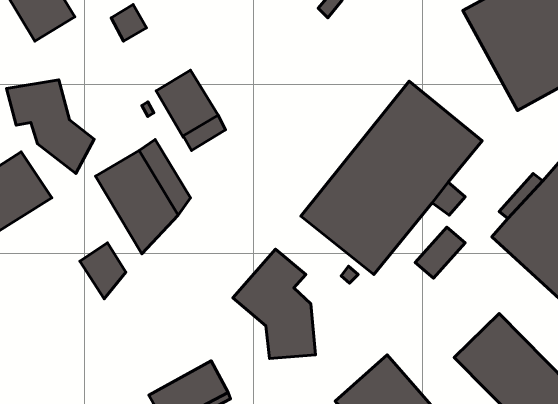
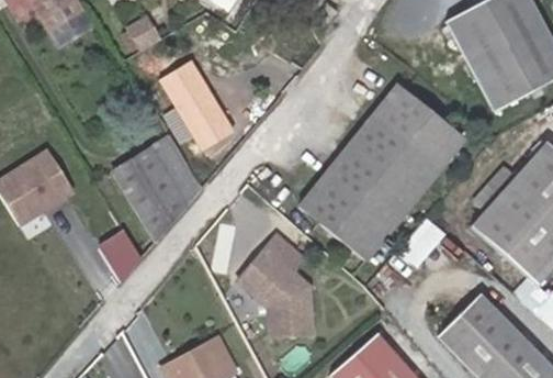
building: [7,80,94,174] -> none

